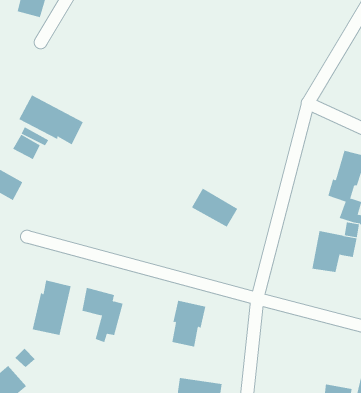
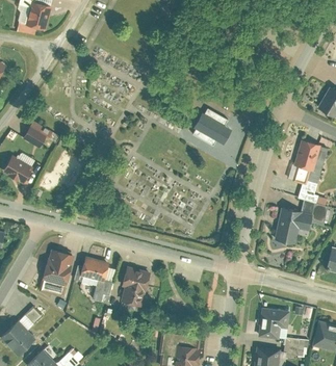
building: [18,94,84,145] -> none
building: [191,188,238,227] -> [192,111,232,145]
building: [171,300,206,347] -> [122,267,151,307]
building: none -> [258,308,290,339]

